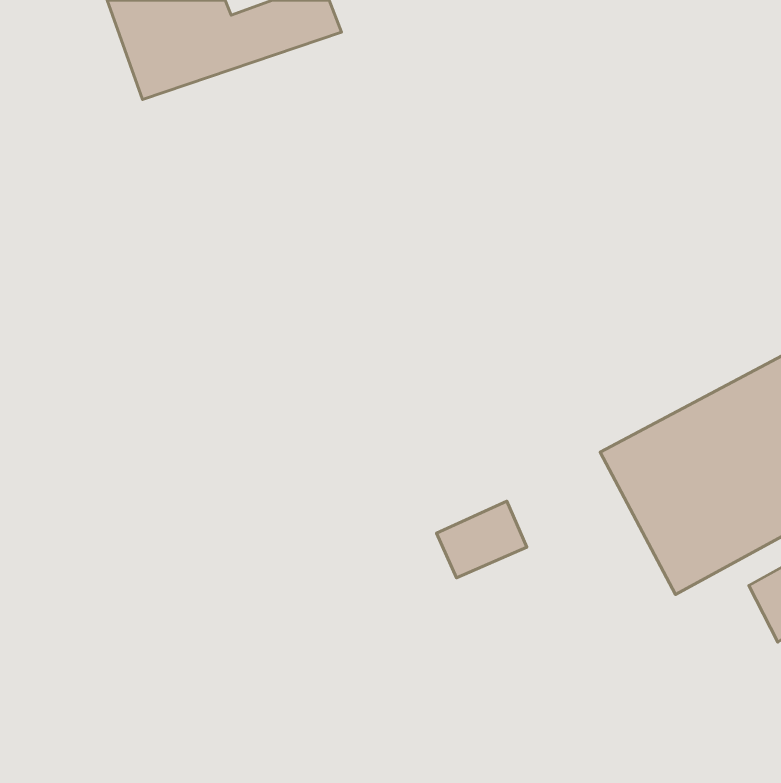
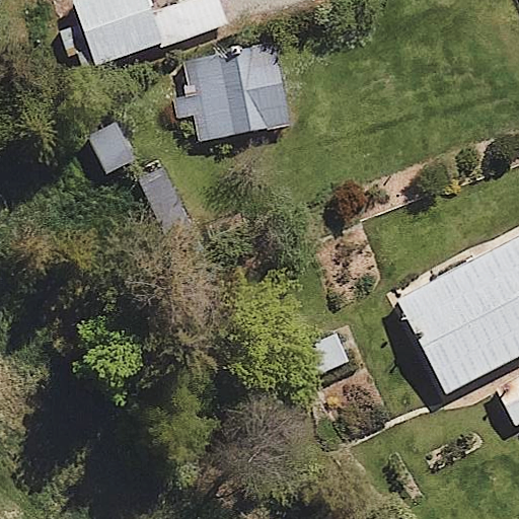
building: none -> [186,48,288,140]

